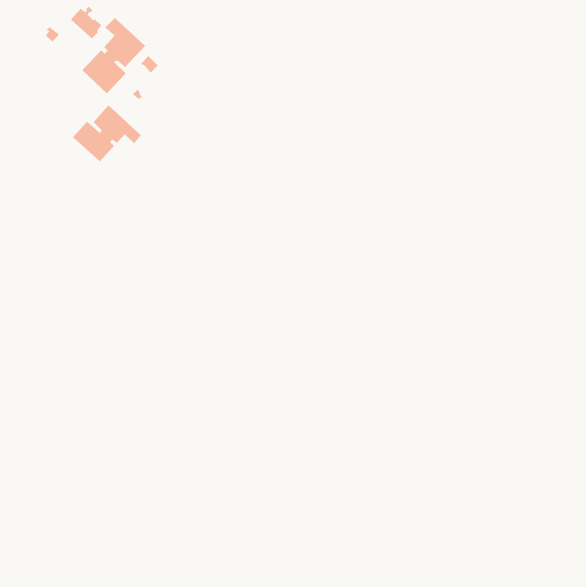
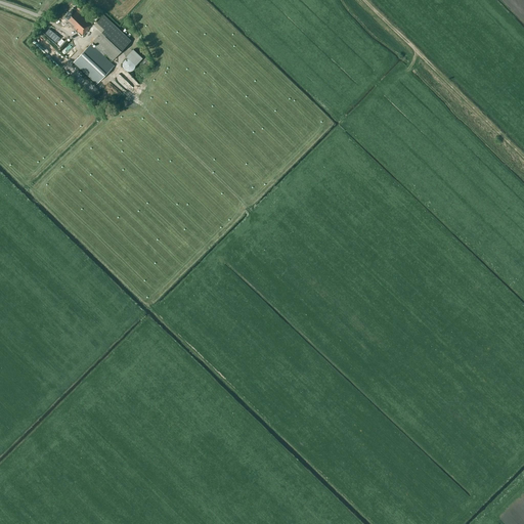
building: [72,105,142,162] -> none

